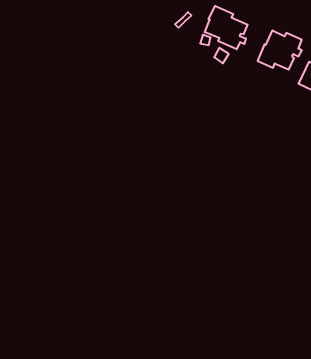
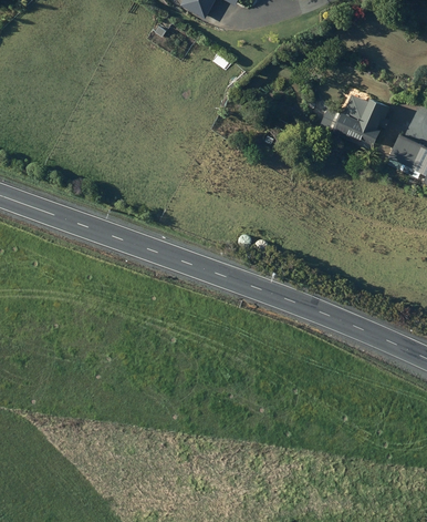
building: [205,6,248,49] -> none

